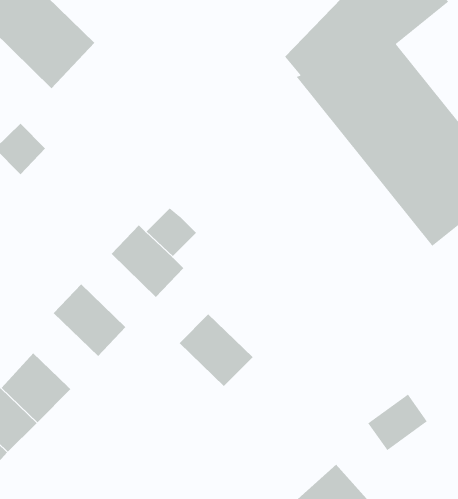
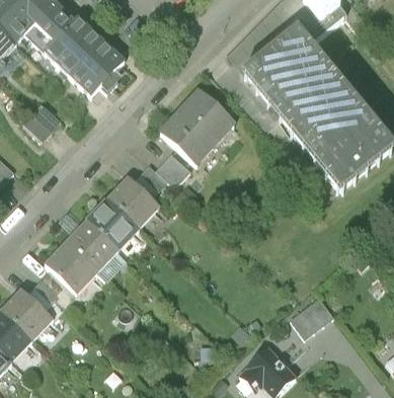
building: none -> [68,42,124,97]
building: none -> [164,86,238,161]
building: none -> [160,150,194,184]
building: none -> [48,236,101,289]
building: [179,314,253,387] -> [89,193,143,246]

